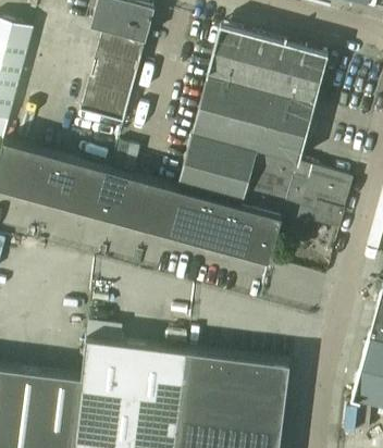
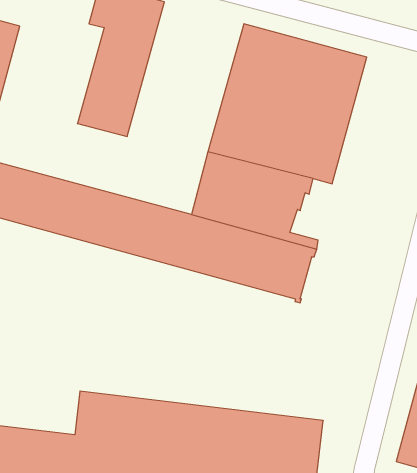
building: [261,160,349,232] -> none

